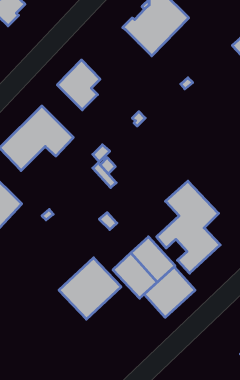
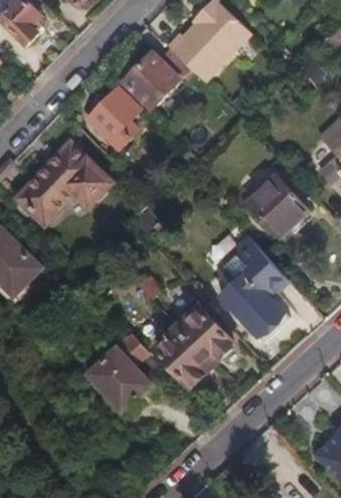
building: none -> [123,49,188,107]
building: none -> [247,175,309,237]
building: [144,267,195,317] -> none

